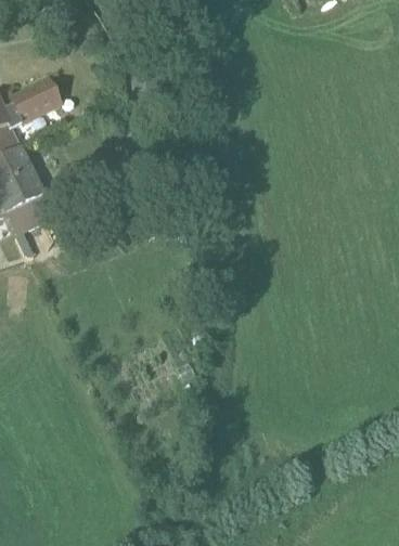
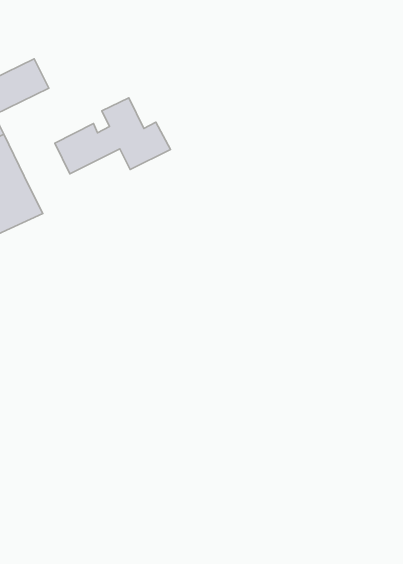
building: none -> [55,98,170,174]

